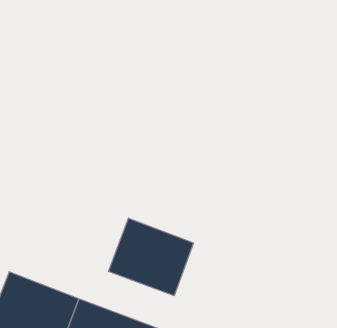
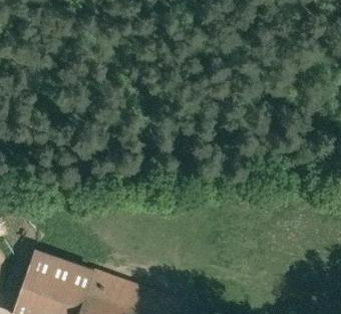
building: [109,218,194,296] -> none

